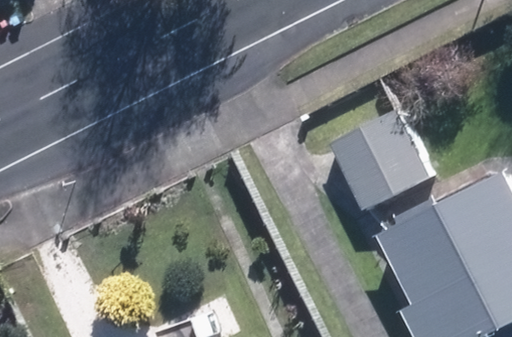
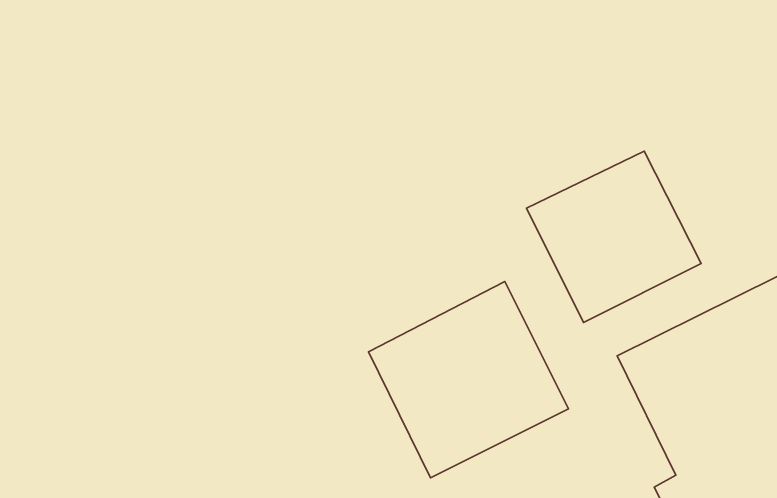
building: none -> [368,281,569,478]

